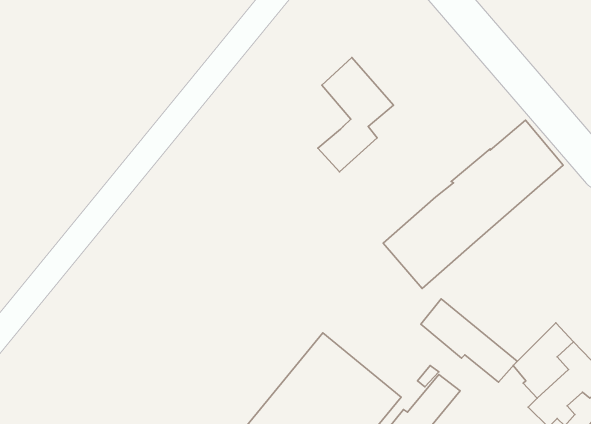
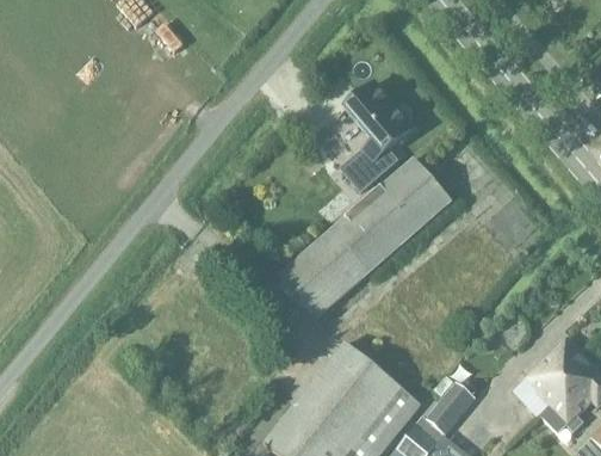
building: [383,120,563,289] -> [283,156,453,316]
building: [421,299,517,382] -> none

